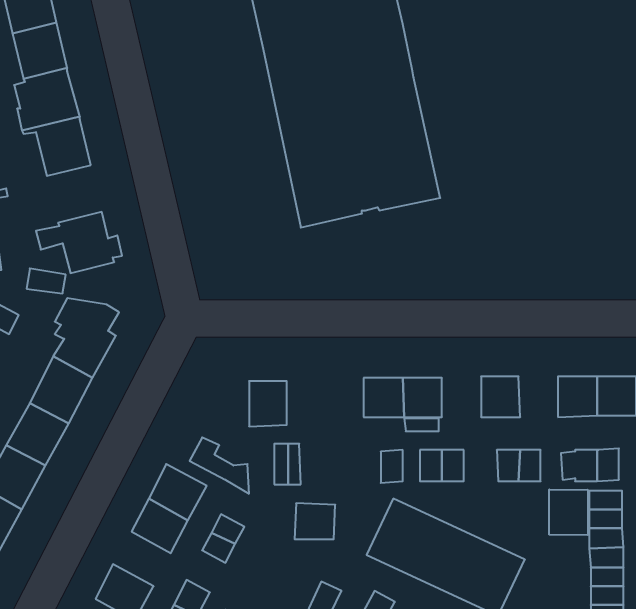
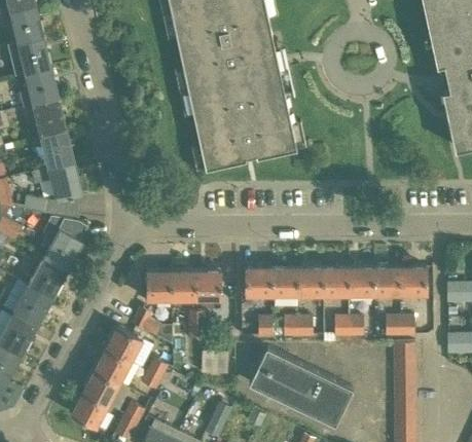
building: none -> [38,130,74,168]
building: none -> [297,268,323,295]
building: none -> [348,268,373,295]
building: none -> [145,271,171,301]
building: none -> [195,271,221,300]
building: [549,489,588,535] -> none
building: none -> [81,370,119,406]

